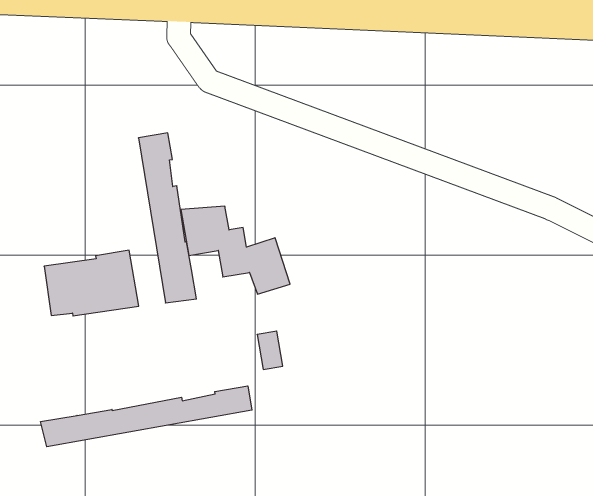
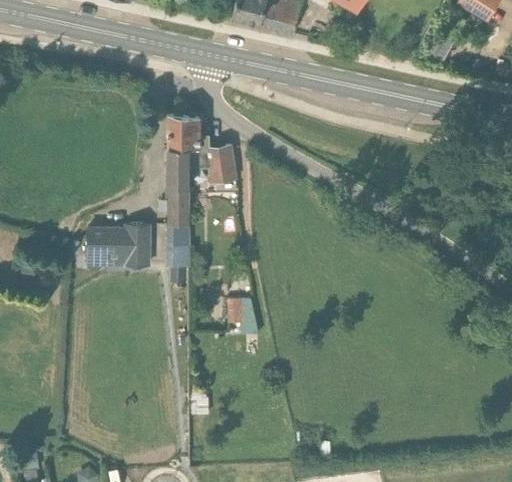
building: [181,206,290,294] -> [169,115,236,183]
building: [41,386,252,447] -> none

